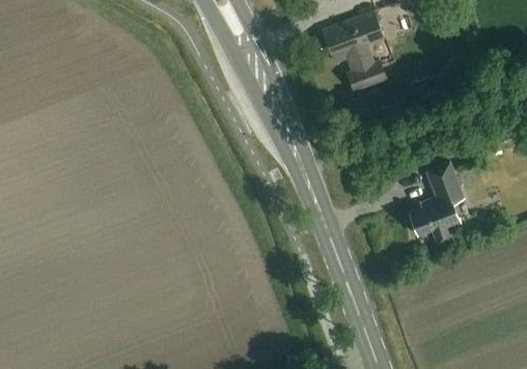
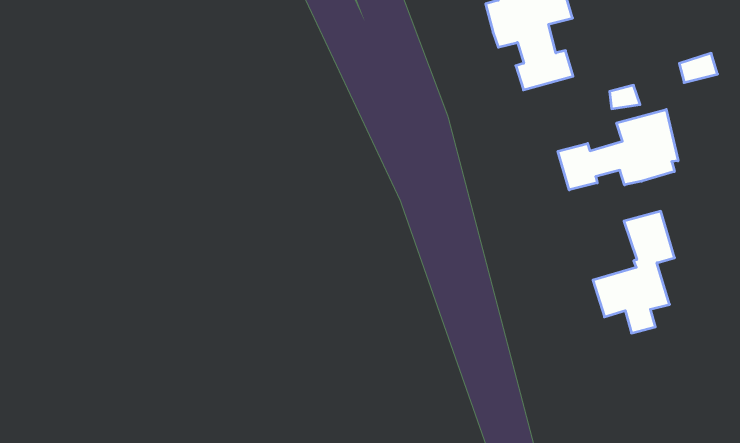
building: none -> [558,109,678,190]

